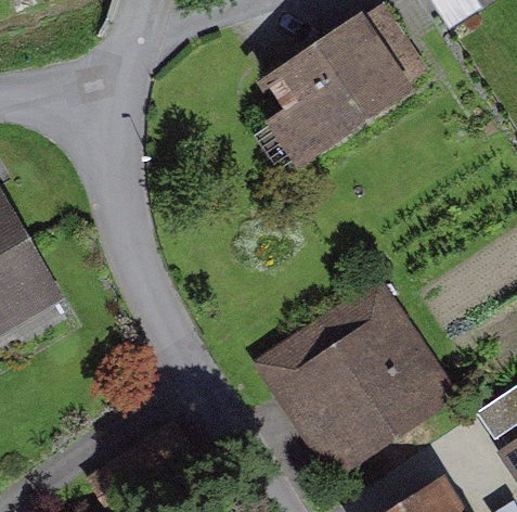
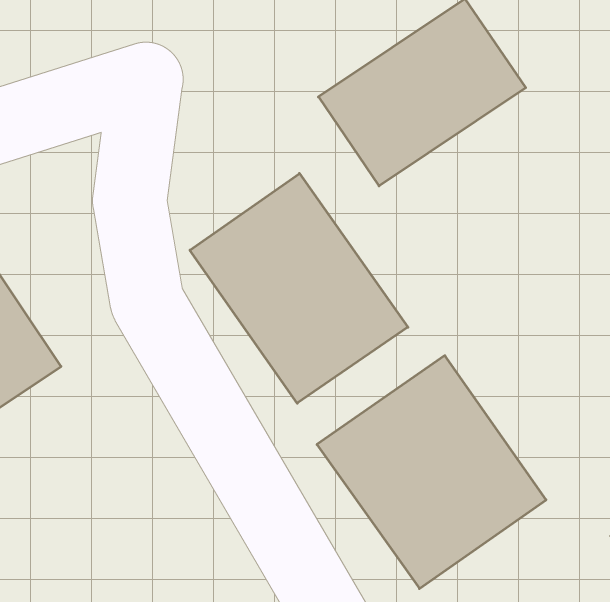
building: none -> [190,173,408,403]

